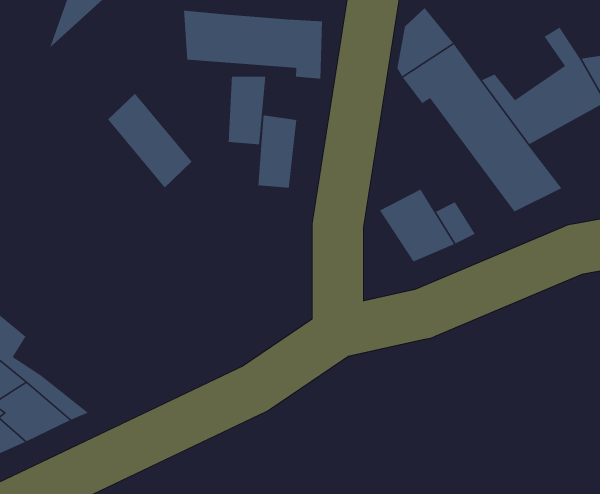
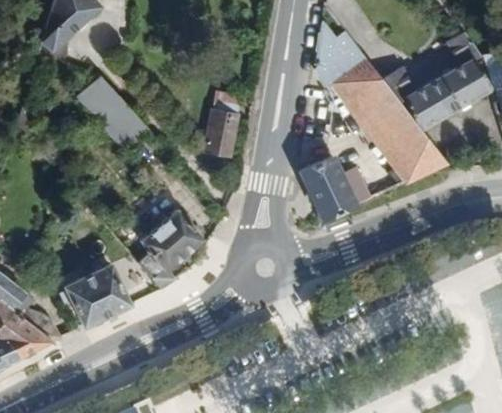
building: [183,10,323,79] -> none
building: [228,76,266,145] -> none
building: none -> [134,217,206,294]
building: none -> [79,265,143,324]

